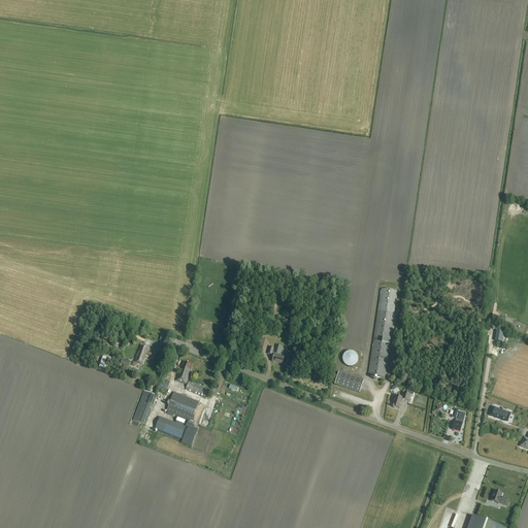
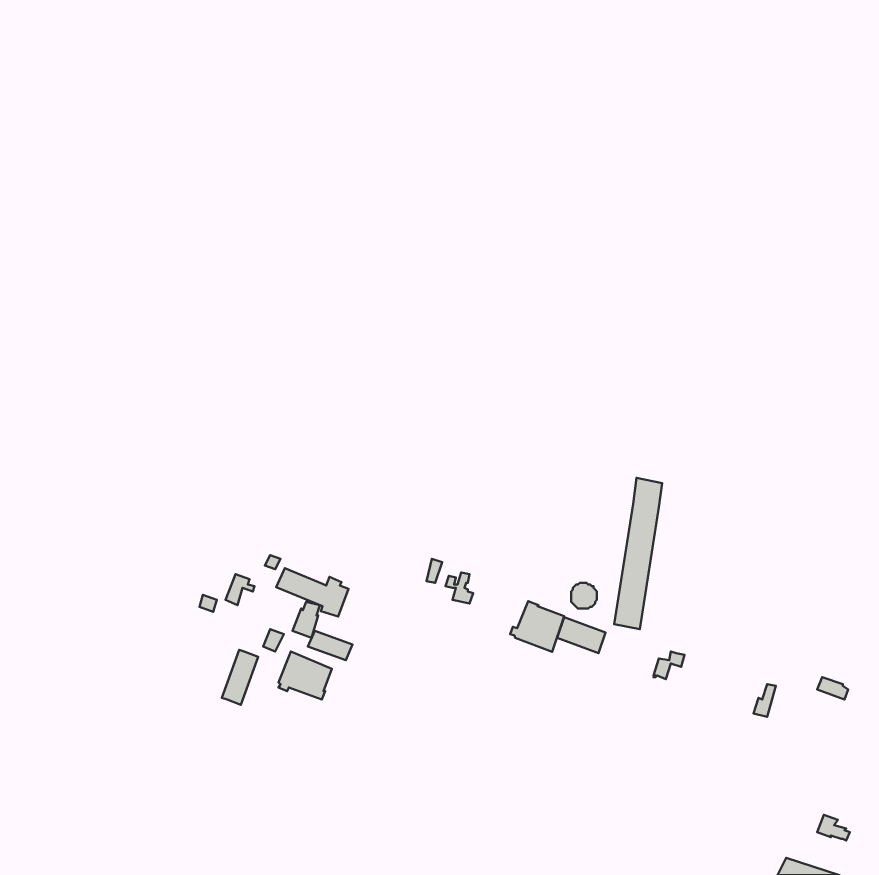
building: none -> [510,601,564,652]
building: [155,416,198,444] -> [276,568,348,616]

